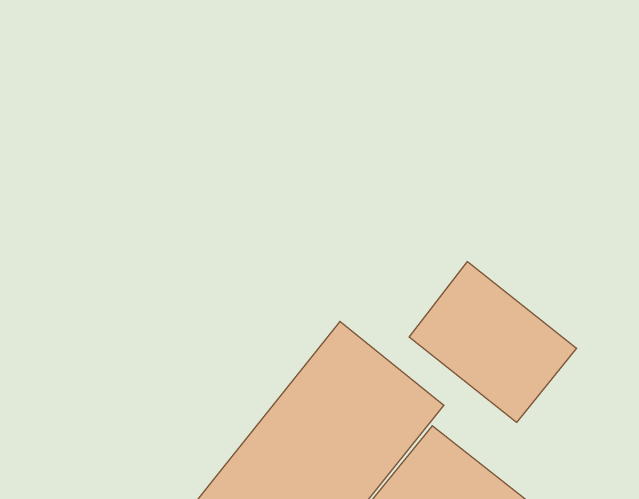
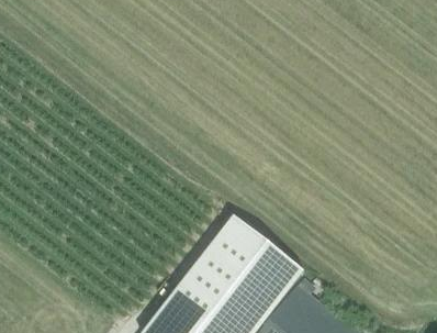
building: [409,262,577,422] -> none

